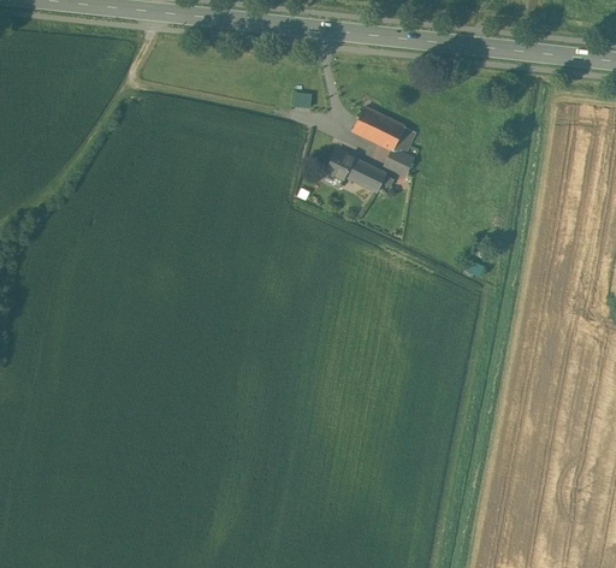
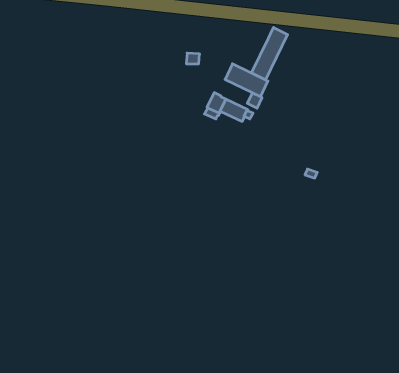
building: none -> [251,27,288,80]

